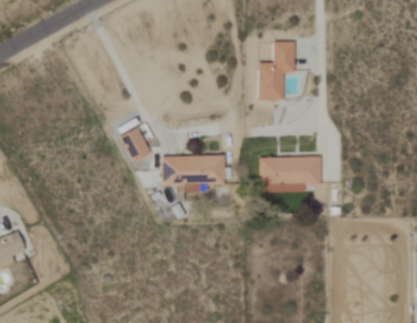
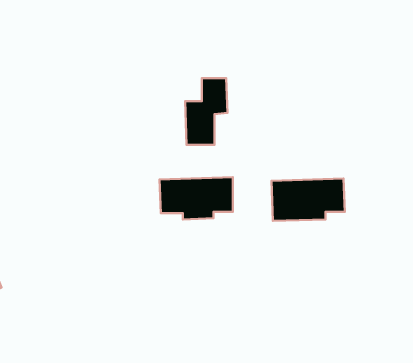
building: [259,41,296,99] -> [185,78,227,145]
building: [122,127,151,161] -> none

